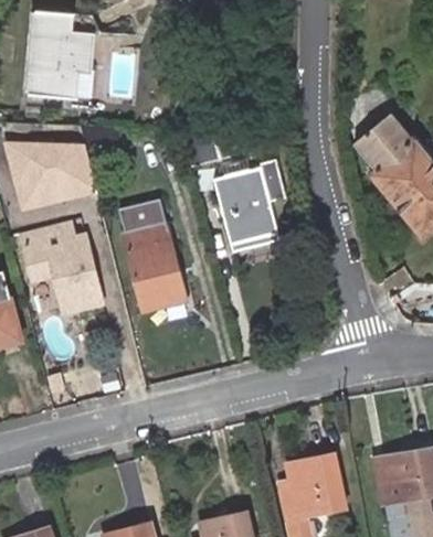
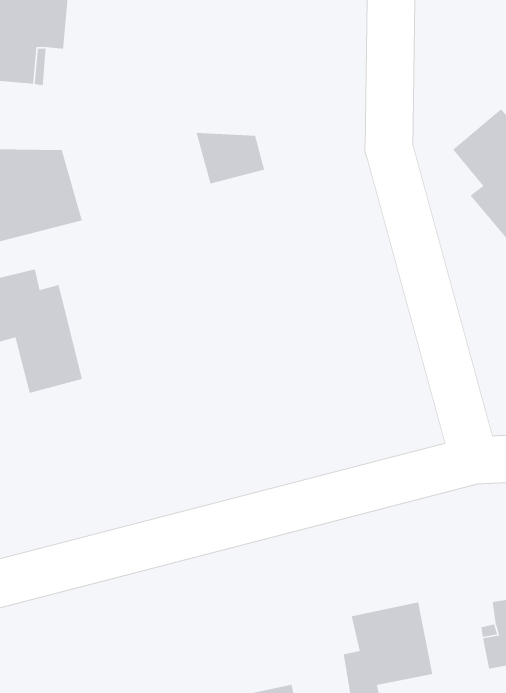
building: [215,160,285,244] -> none
building: [118,204,183,310] -> none

